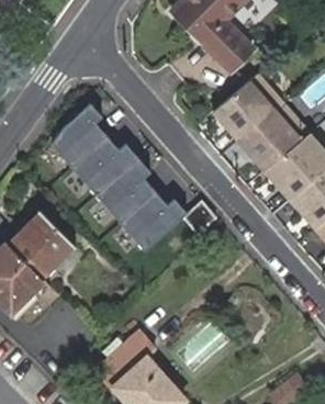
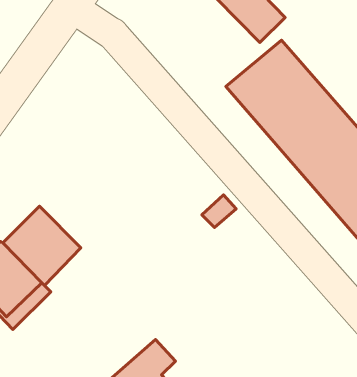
building: [51,101,187,249] -> none

